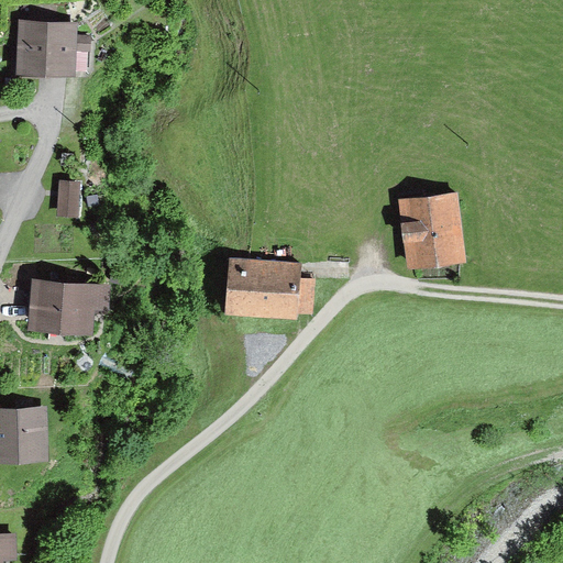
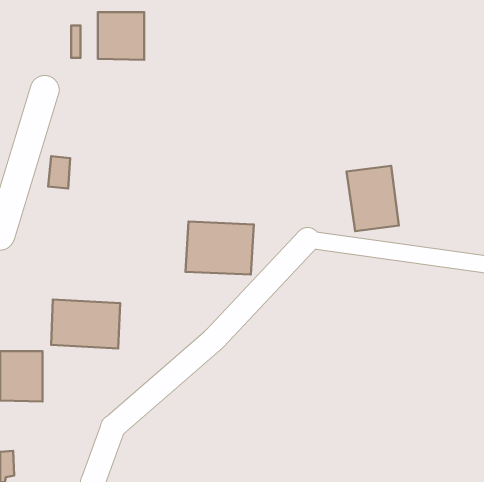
building: [20,22,74,77] -> [98,12,144,60]
building: [20,277,100,334] -> [51,299,120,349]

